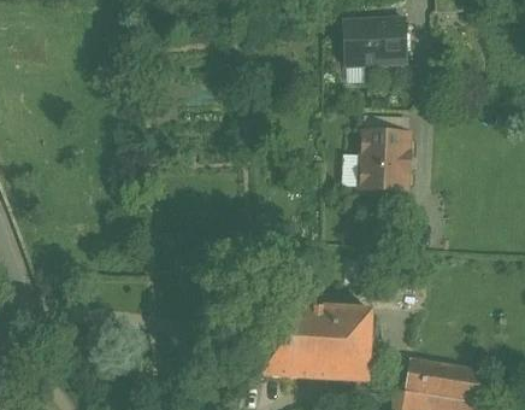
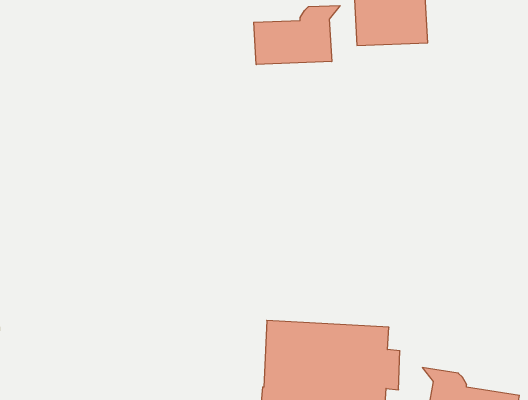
building: none -> [254,6,340,65]
building: [361,131,411,189] -> none

